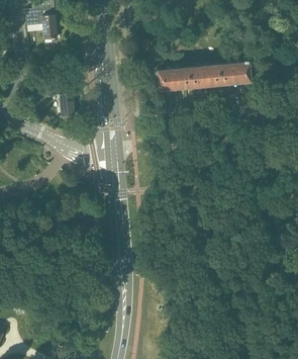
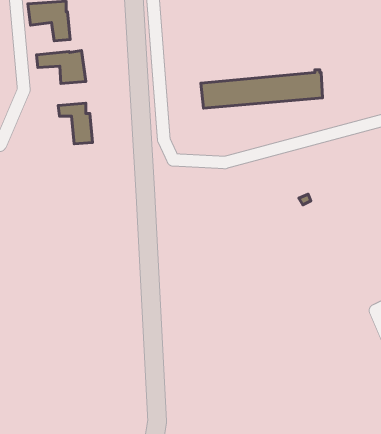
building: none -> [36,51,86,83]

